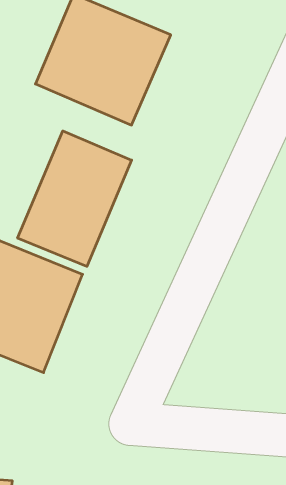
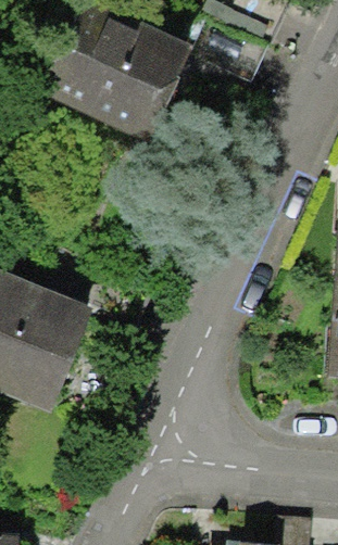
building: [18,131,132,266] -> none

